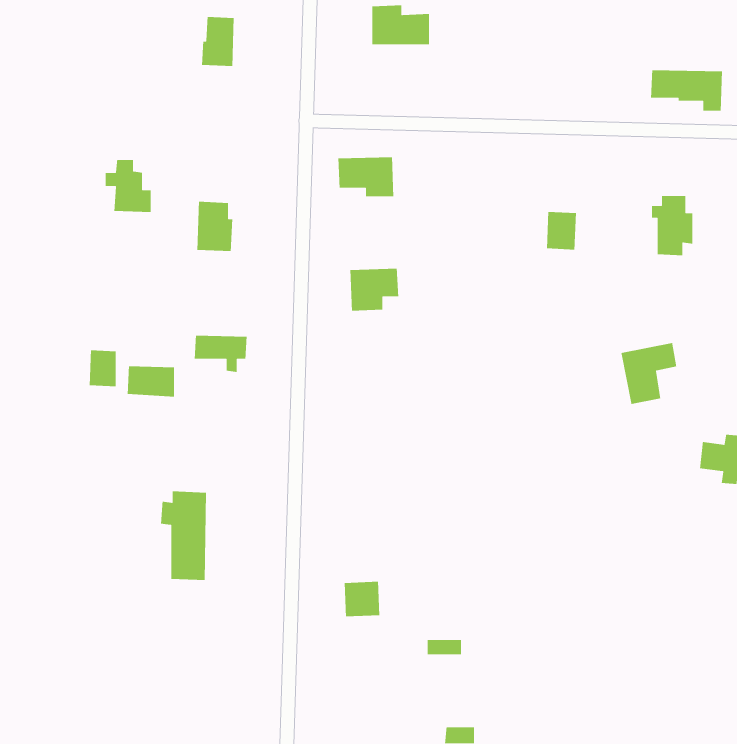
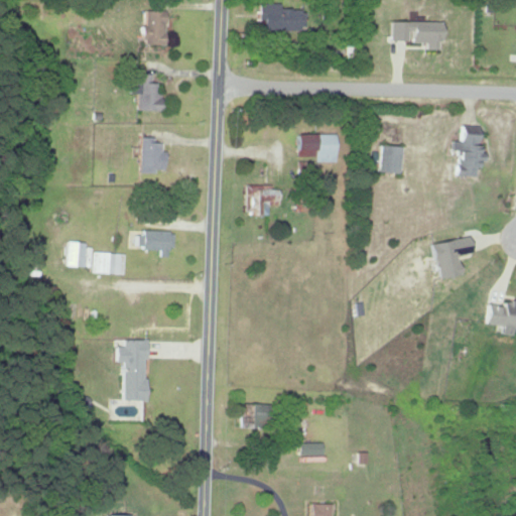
building: [650,69,723,112] -> [393,21,443,50]
building: [337,156,394,197] -> [299,134,339,162]
building: [105,159,151,213] -> [132,75,164,112]

